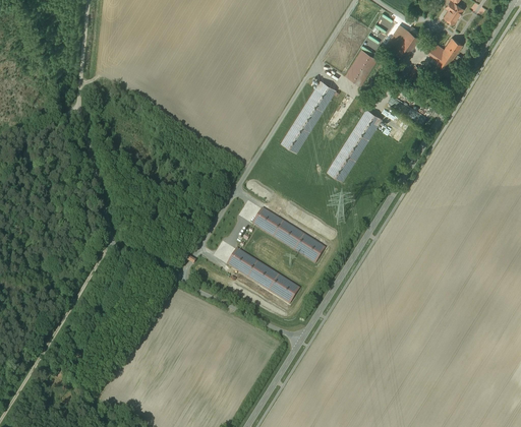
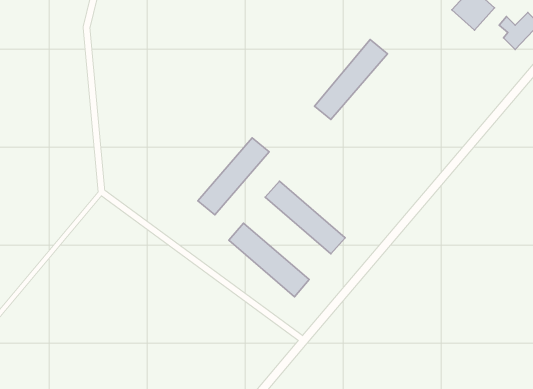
building: [345,51,377,86] -> none
building: [327,106,384,180] -> none
building: none -> [198,138,269,215]

